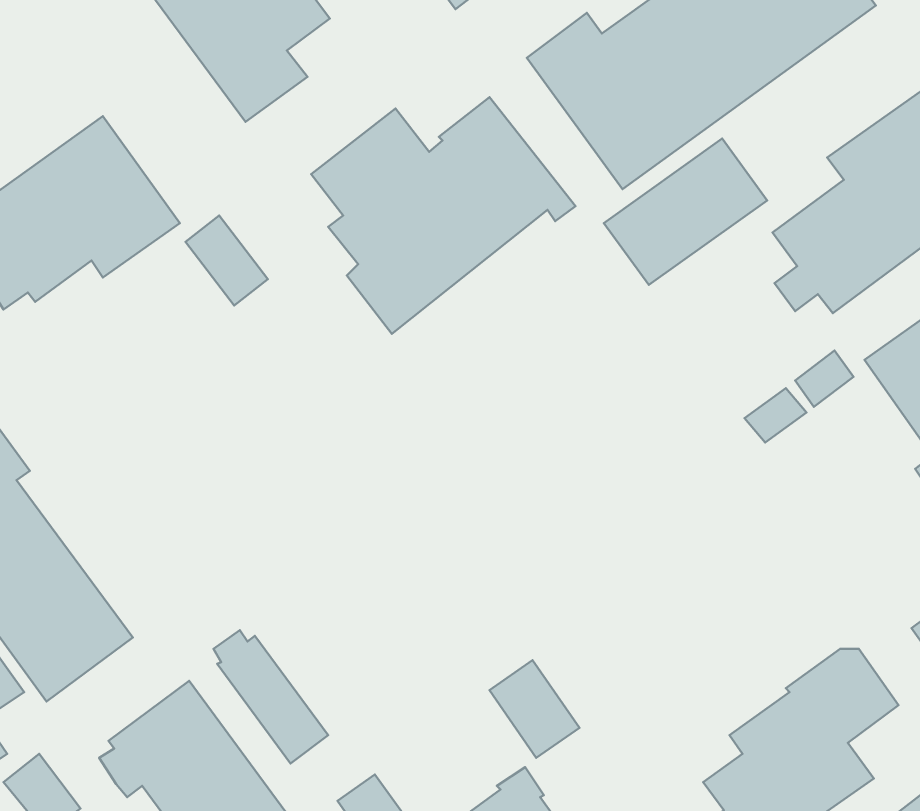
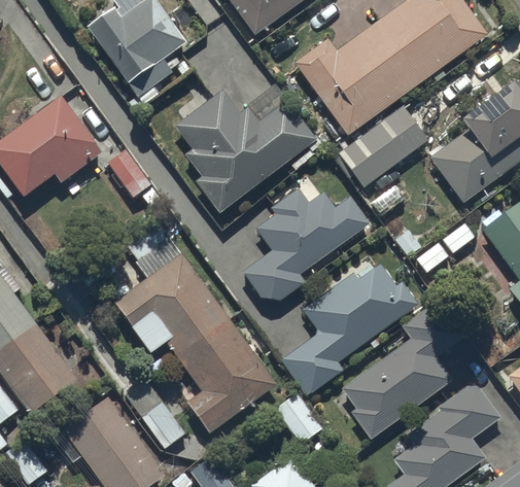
building: none -> [241,176,369,302]
building: none -> [114,218,276,434]
building: none -> [280,264,417,397]
building: none -> [341,303,460,440]

